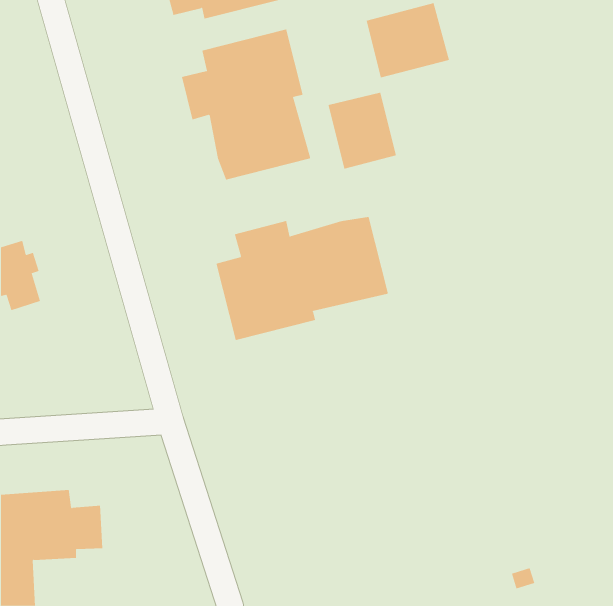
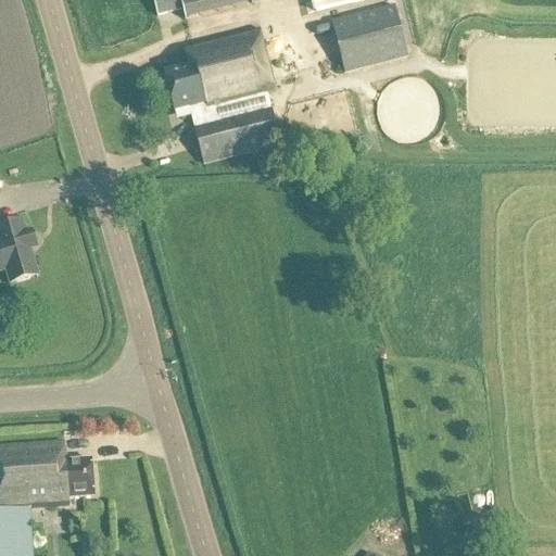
building: [328,92,396,170] -> none
building: [216,216,389,341] -> none

